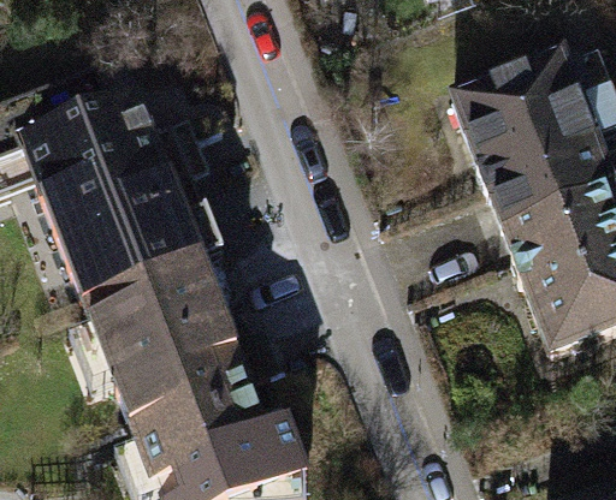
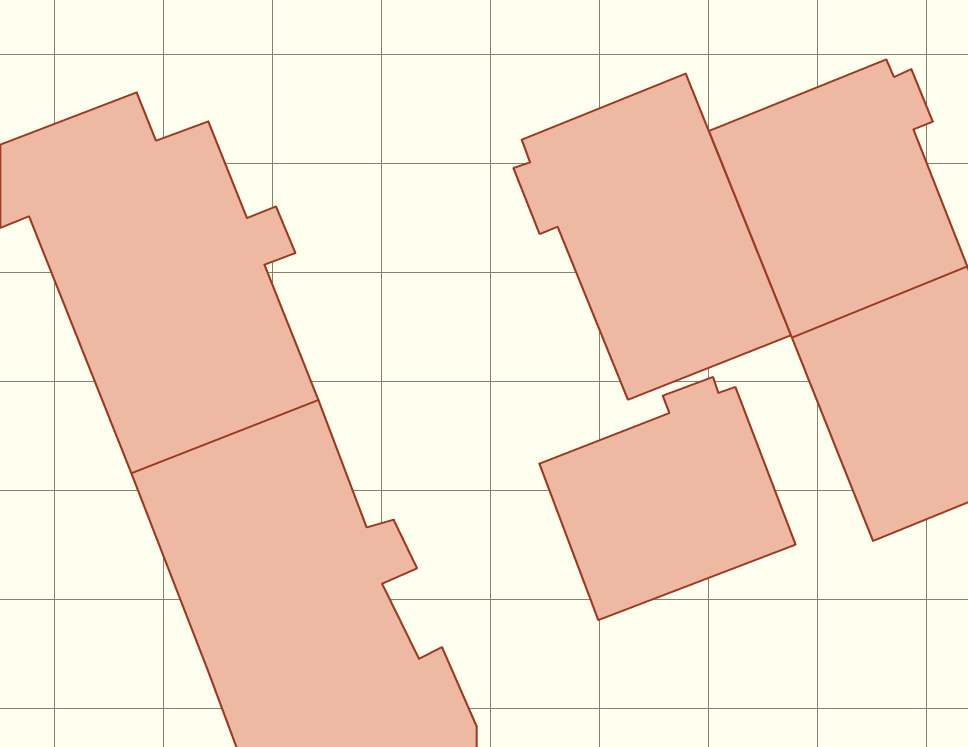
building: none -> [514,74,791,400]
building: none -> [539,377,795,620]

